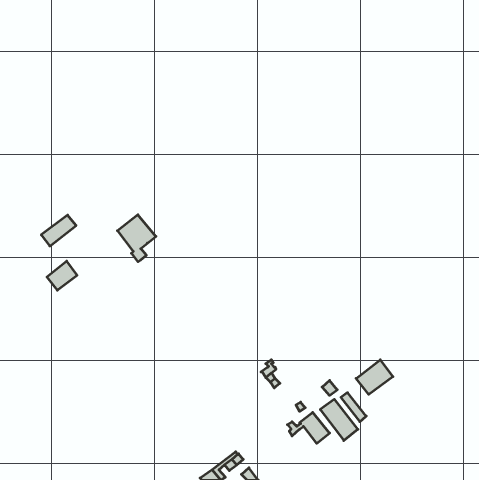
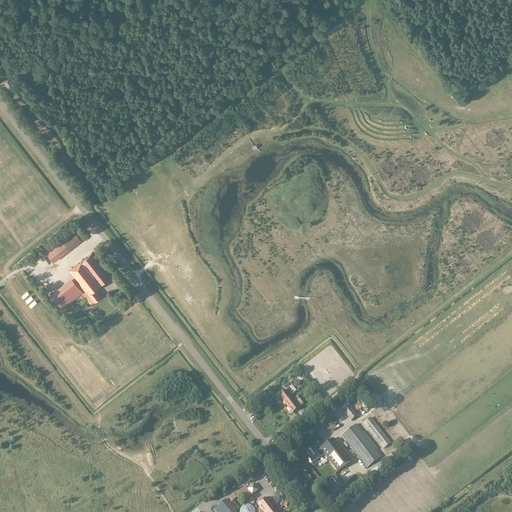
building: [117,215,156,262] -> [70,254,111,304]
building: [356,360,393,394] -> none

